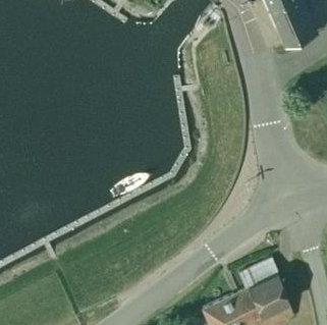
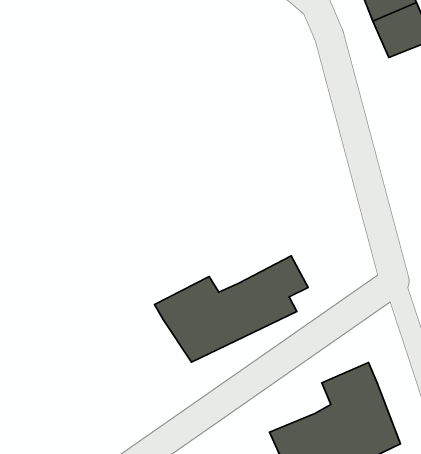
building: none -> [155,256,308,362]

